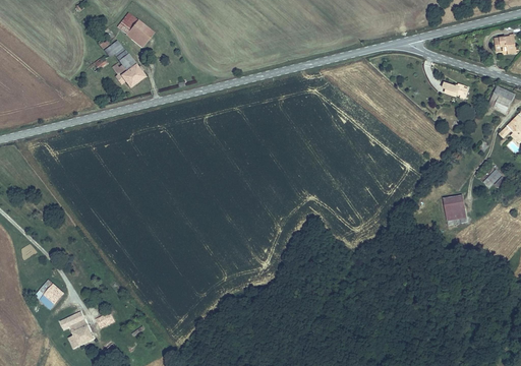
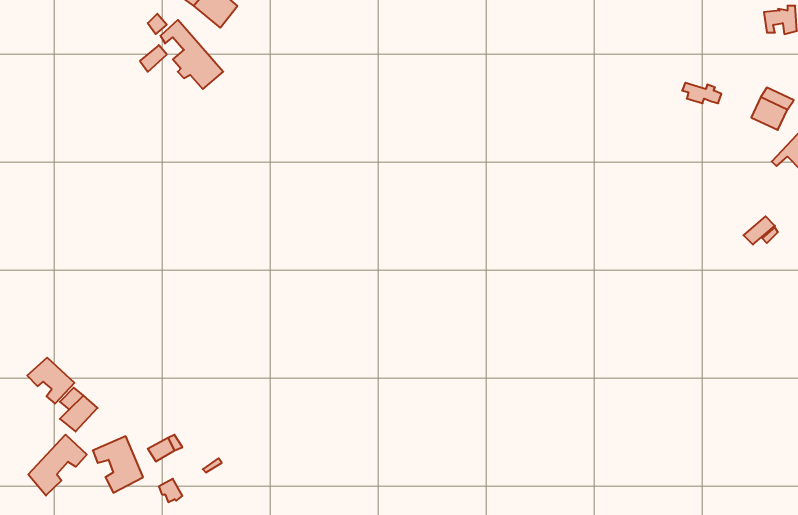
building: [442,194,466,218] -> none
building: none -> [27,358,74,404]
building: none -> [28,435,87,496]

